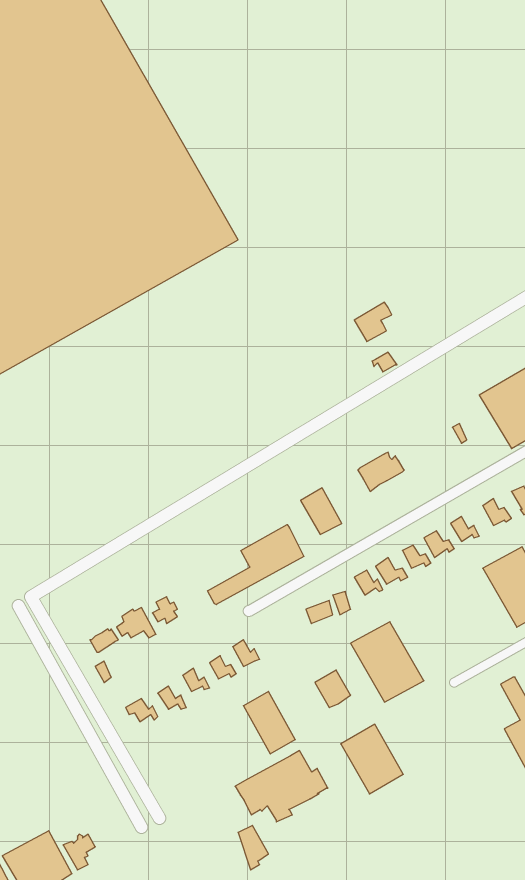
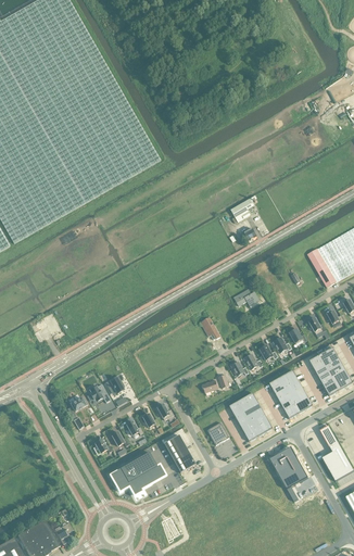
building: [208,525,304,605] -> none
building: none -> [268,369,313,418]
building: [341,724,403,794] -> [269,446,307,489]
building: [235,751,328,822] -> [109,452,165,495]

